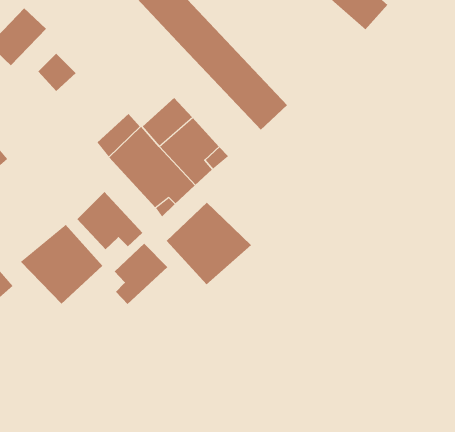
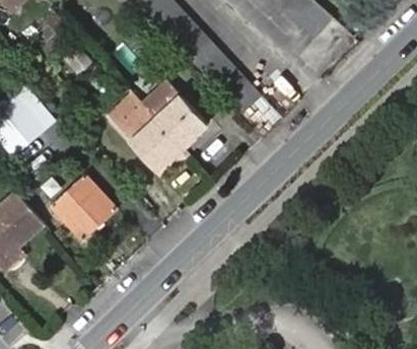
building: [76,191,143,250] -> none
building: [166,202,252,285] -> none
building: [114,243,168,305] -> none

